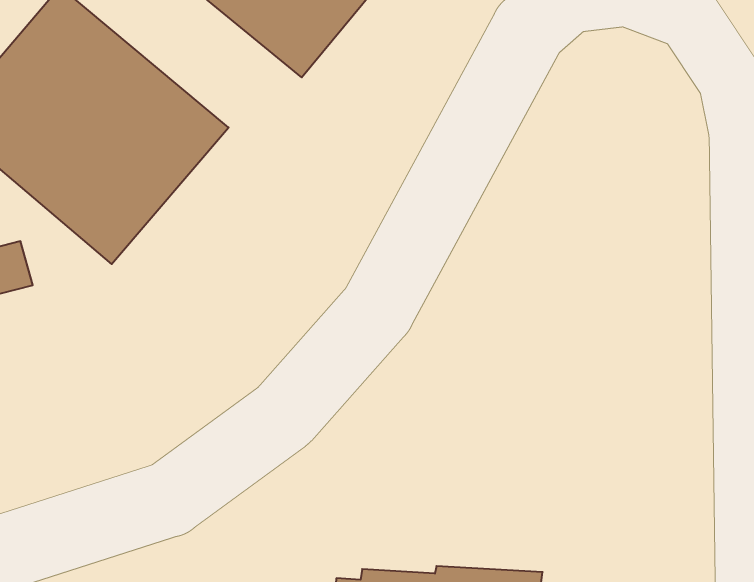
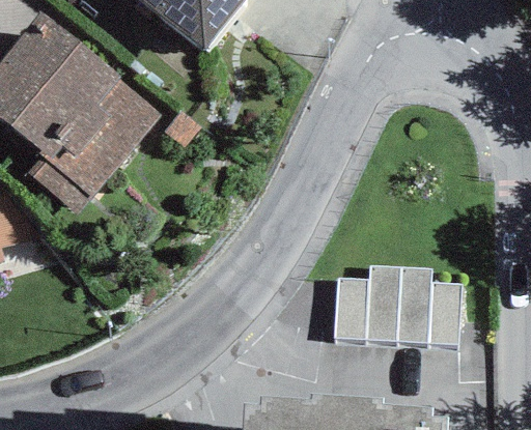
building: none -> [333,276,460,348]

